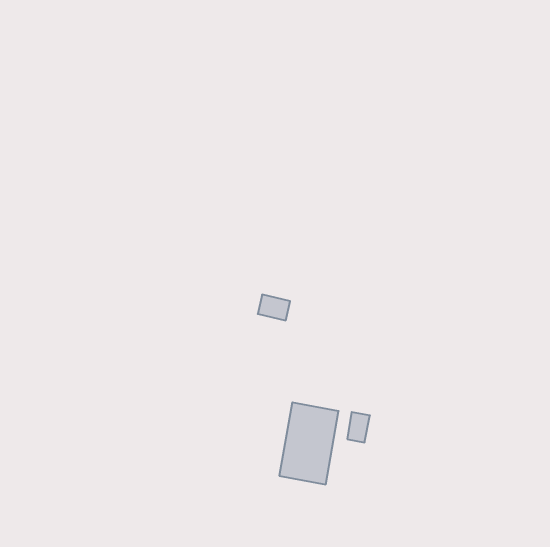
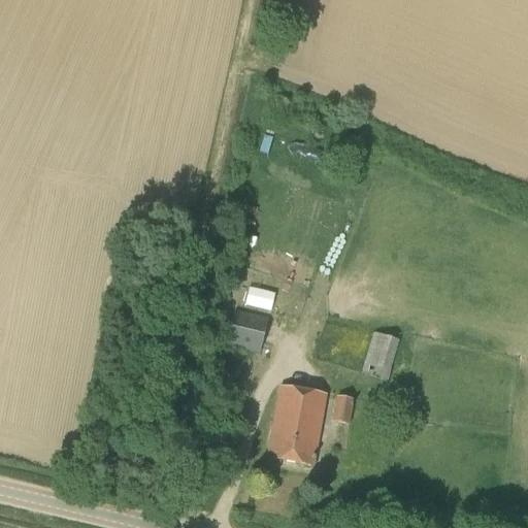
building: none -> [227,307,268,351]
building: none -> [362,331,399,377]

